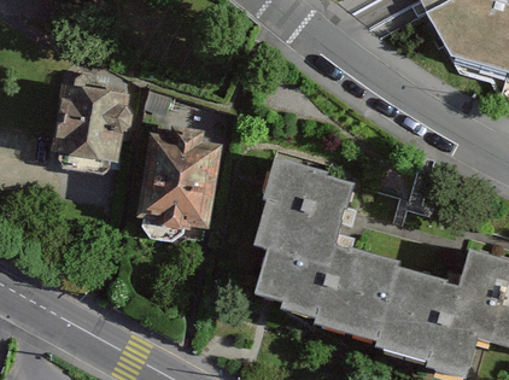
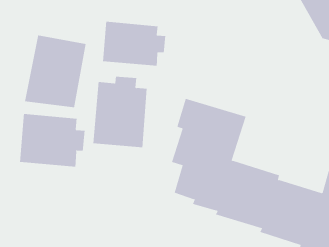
building: none -> [102,21,166,66]
building: none -> [19,113,85,167]

